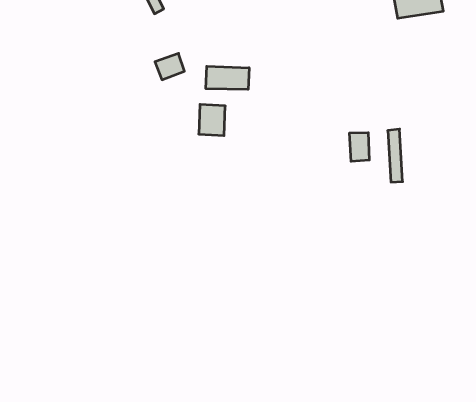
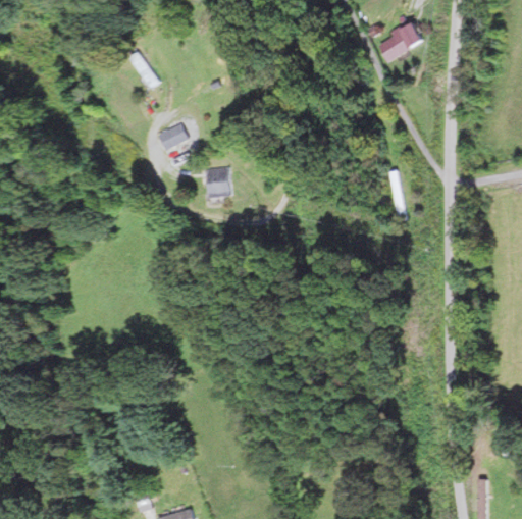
building: [206,66,249,89] -> none
building: [350,133,369,161] -> none

